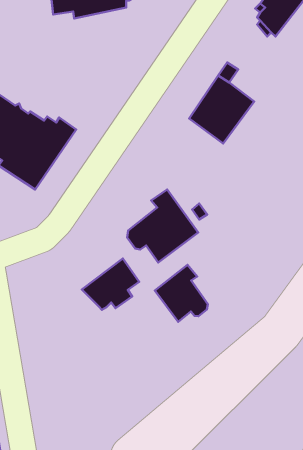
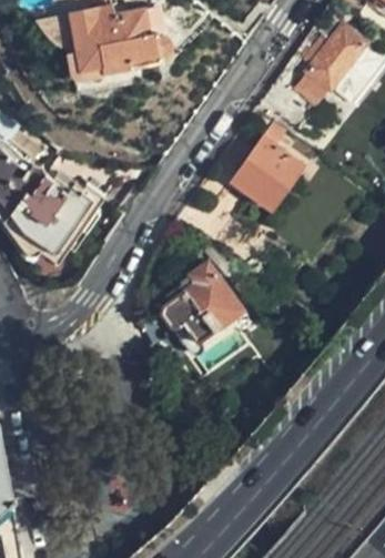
building: [82,259,139,310] -> none
building: [155,265,208,322] -> none

